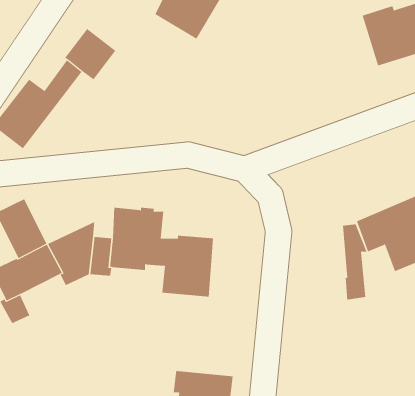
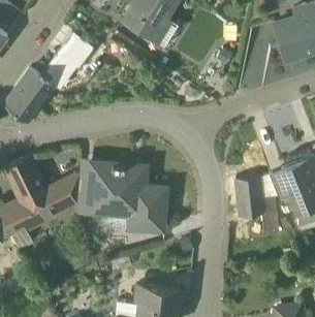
building: none -> [235,177,262,218]

